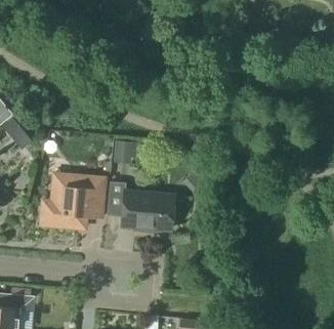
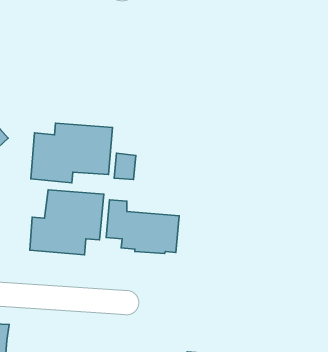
building: none -> [31,123,113,183]

